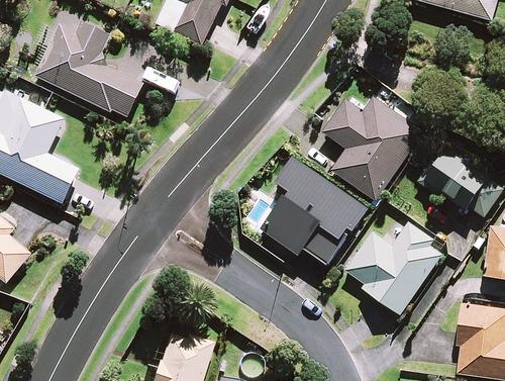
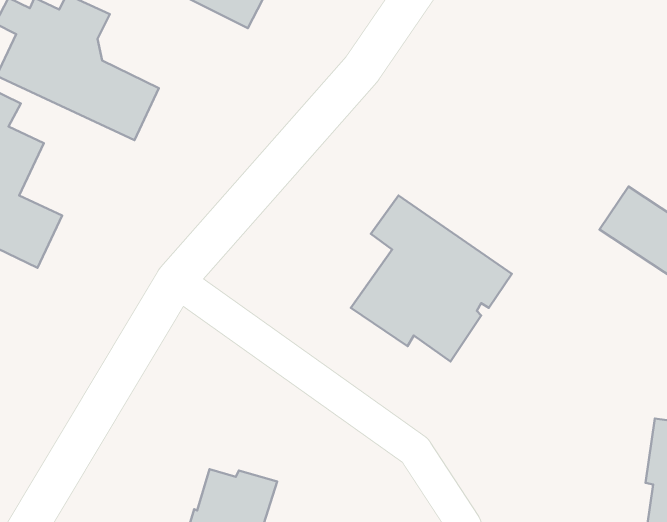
building: [325,96,426,201] -> none
building: [347,221,444,314] -> none

